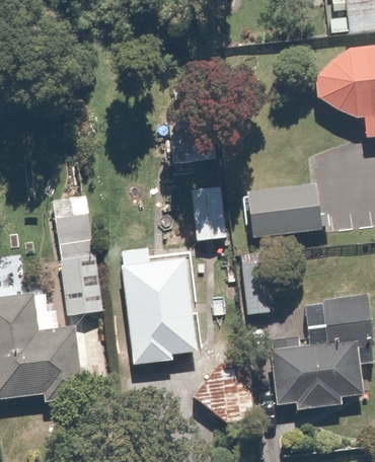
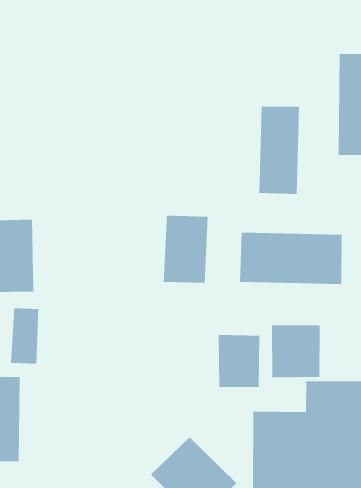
building: none -> [259,106,299,195]
building: [116,251,200,371] -> none
building: none -> [271,325,320,378]

